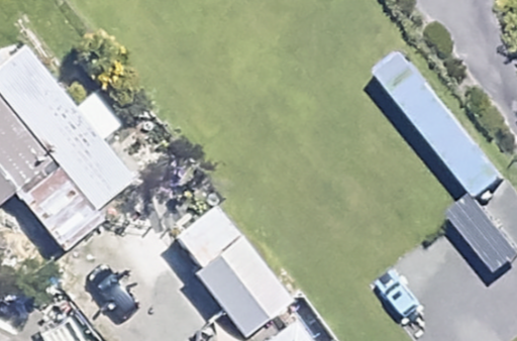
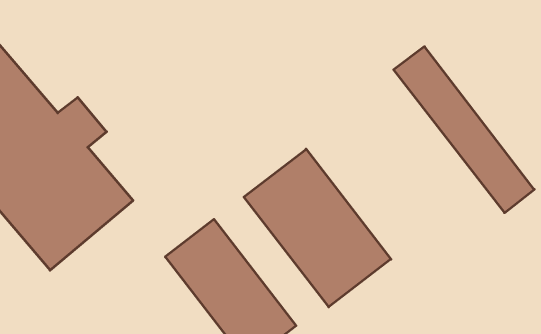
building: none -> [244,149,391,307]

